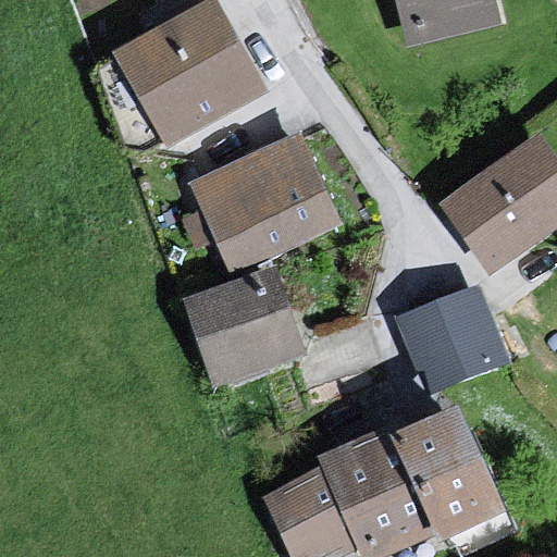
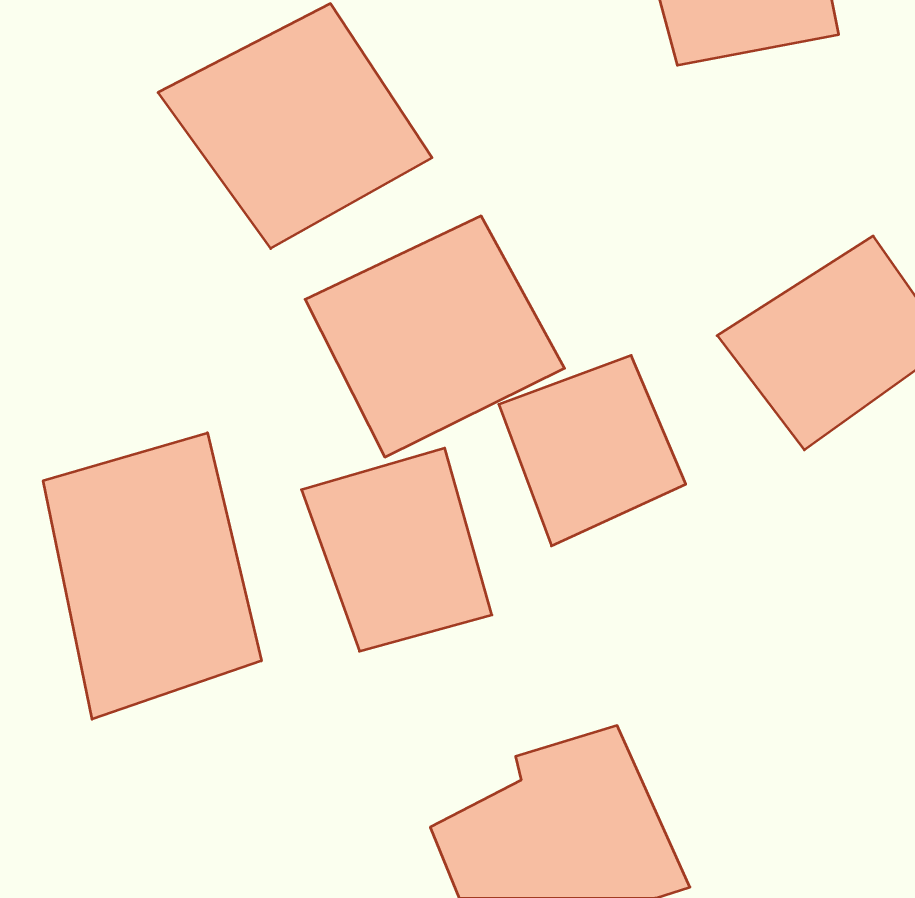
building: none -> [43,433,261,719]
building: [398,288,510,403] -> [499,355,686,546]
building: [377,411,497,532] -> none

